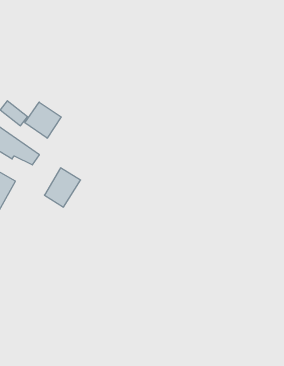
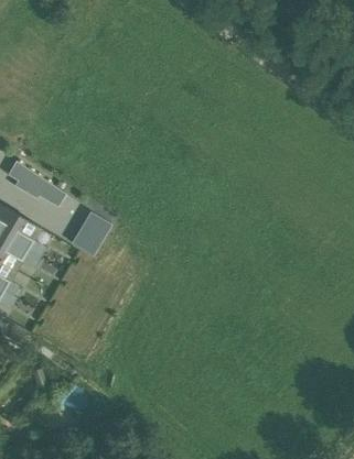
building: [25,102,61,138] -> none

